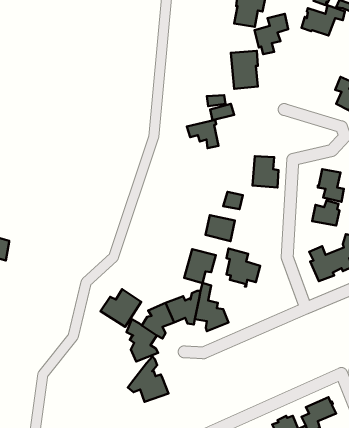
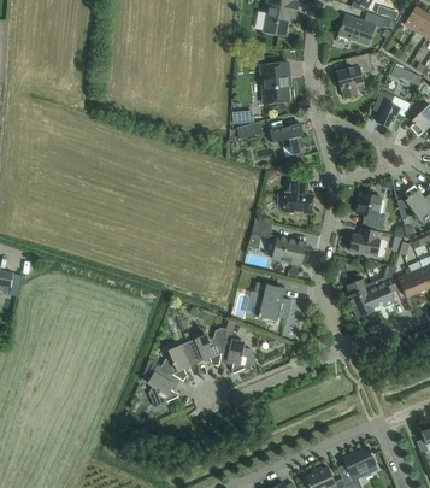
building: [255,14,288,54] -> [335,53,372,98]
building: [187,120,218,148] -> [269,123,304,154]
building: [206,215,235,241] -> [272,236,305,265]
building: [184,249,216,283] -> none
building: [101,289,141,327] -> none
building: [128,357,168,402] -> none

